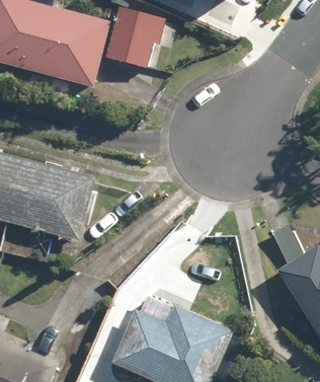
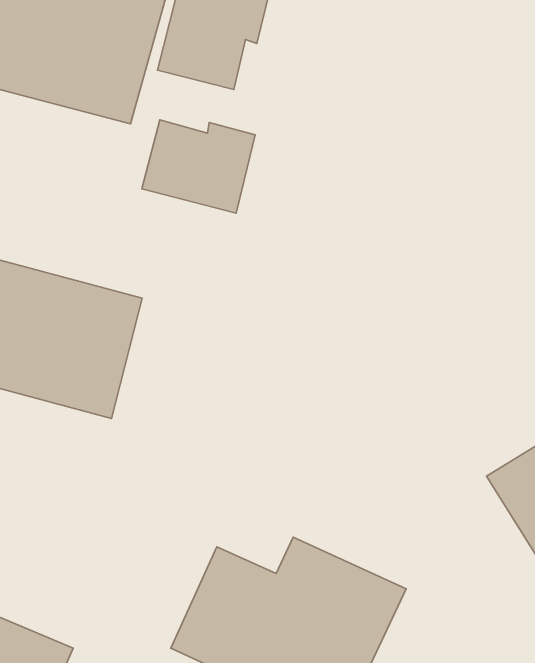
building: none -> [142,120,255,213]

